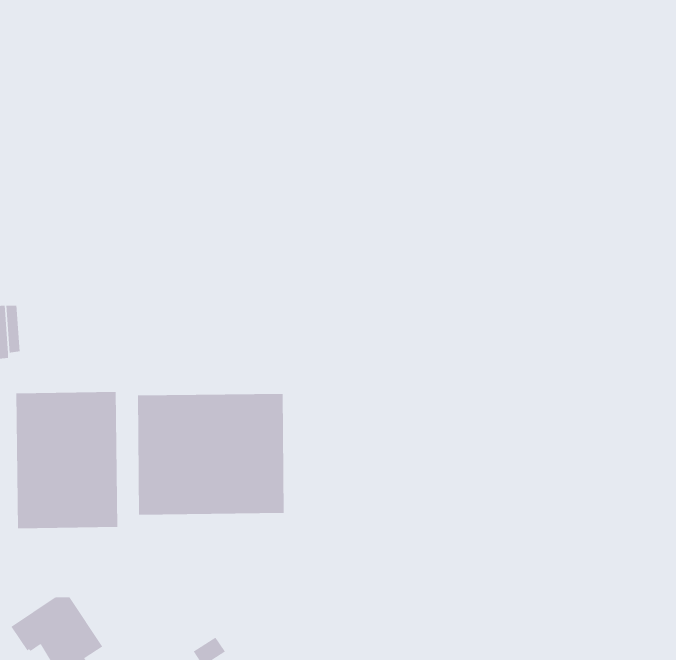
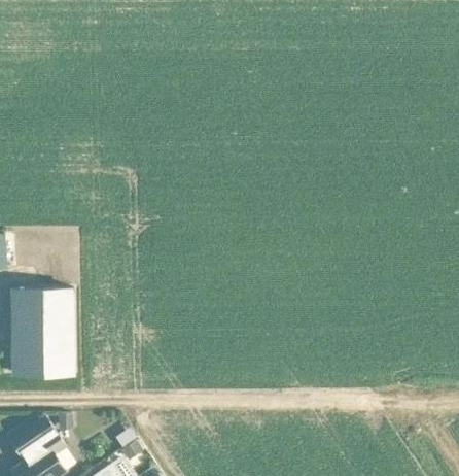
building: [137,393,284,515] -> none

